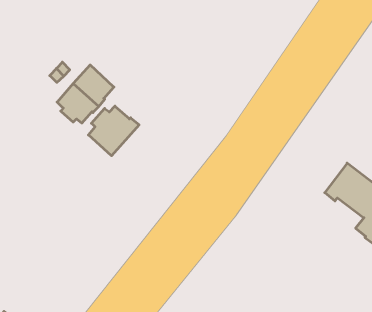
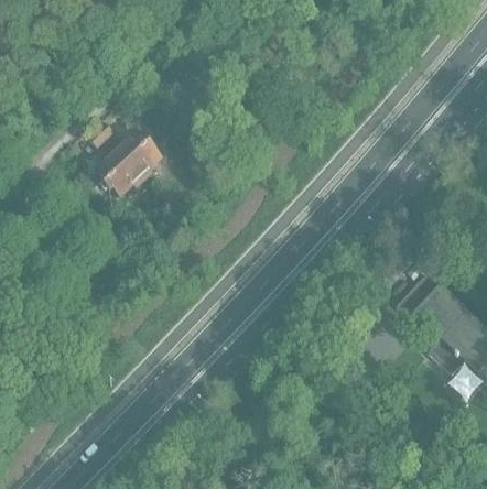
building: [88,106,139,156] -> none

